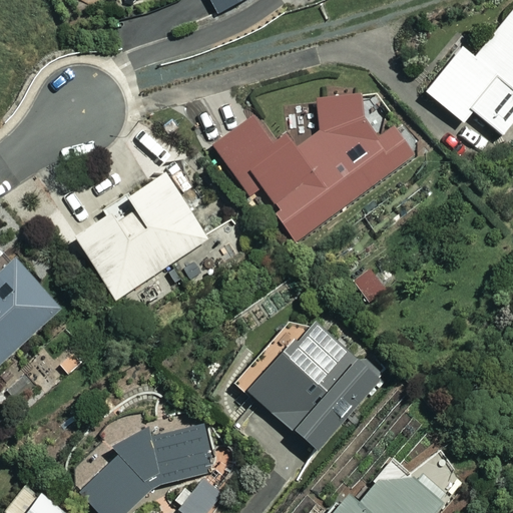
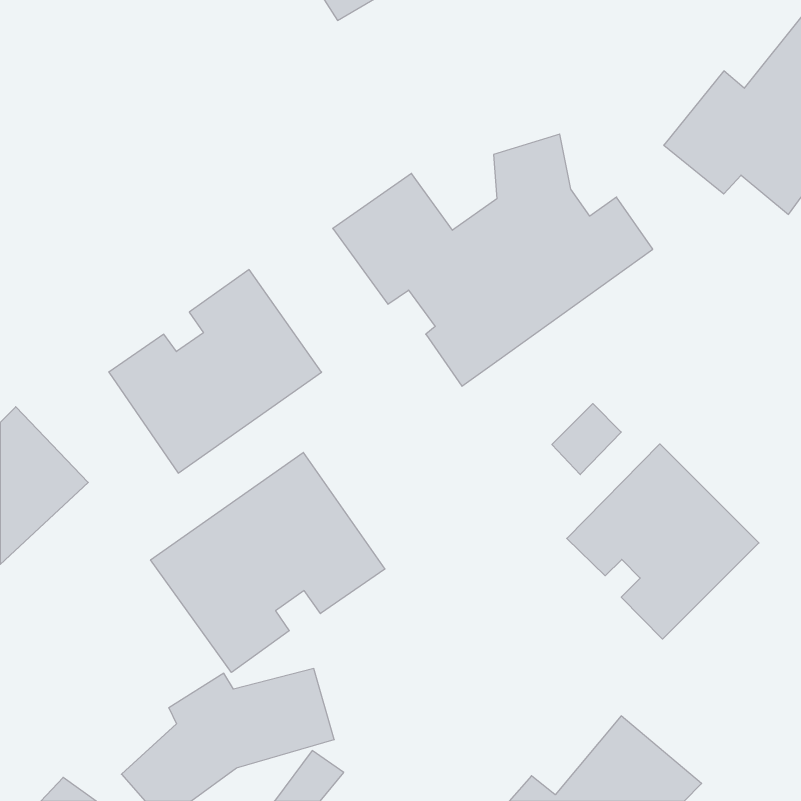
building: none -> [567,444,759,639]
building: none -> [151,452,385,672]
building: [244,316,377,449] -> none

